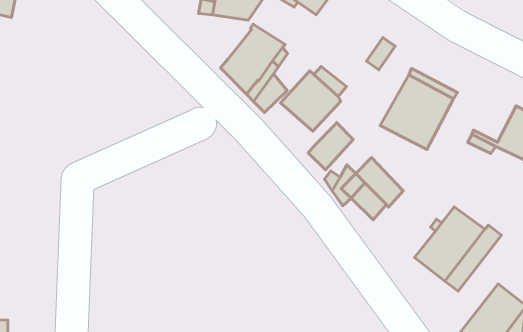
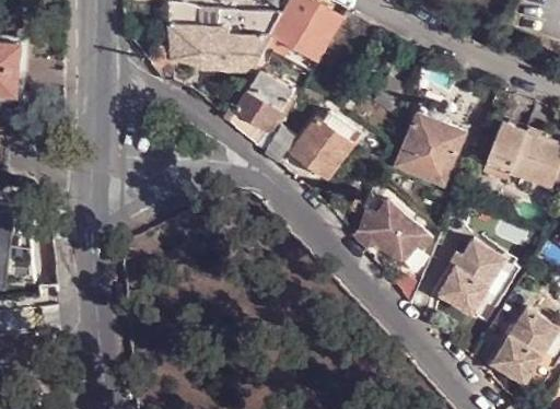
building: none -> [487,121,527,170]
building: [308,123,353,170] -> none

